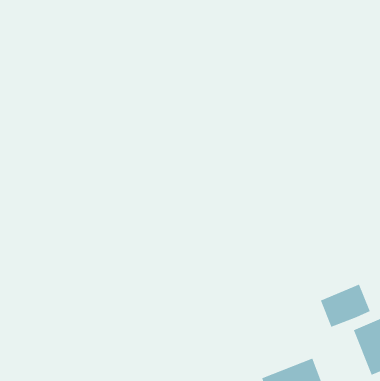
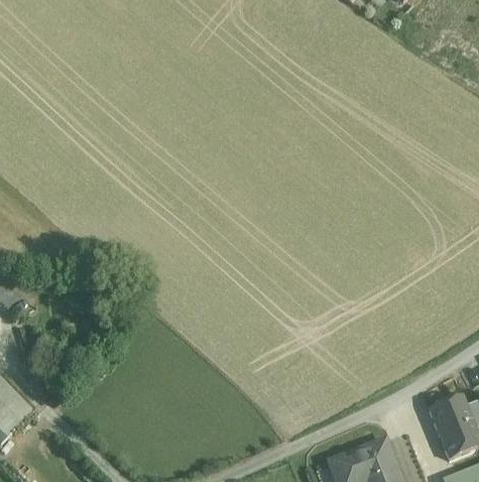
building: [320,283,371,328] -> none

